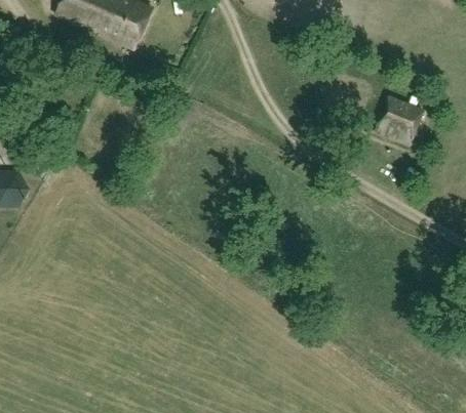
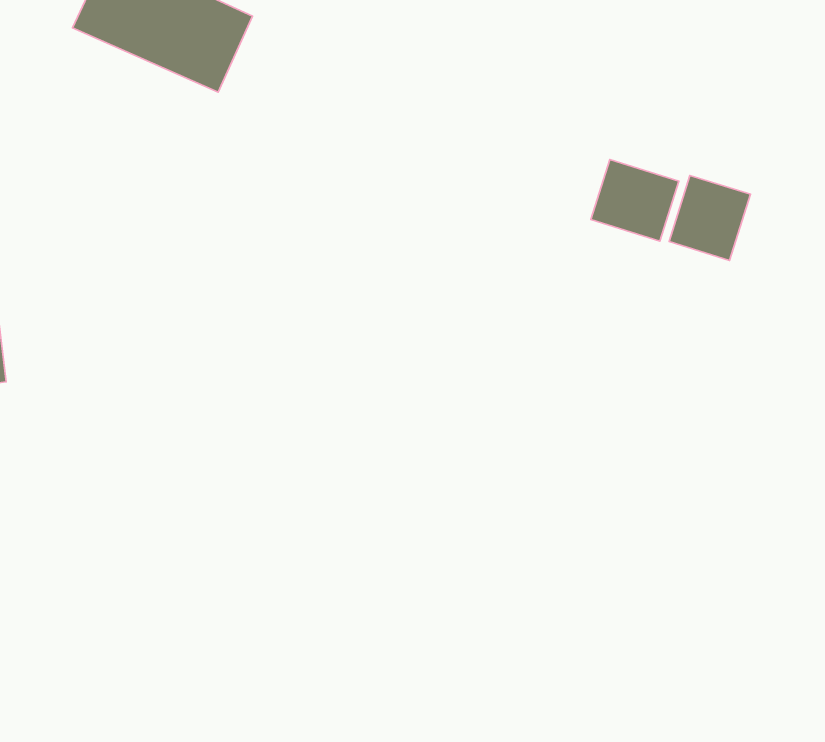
building: none -> [591,159,679,241]

